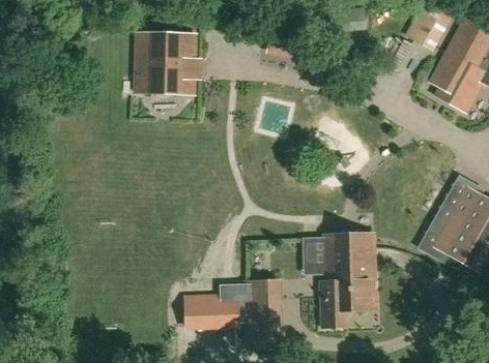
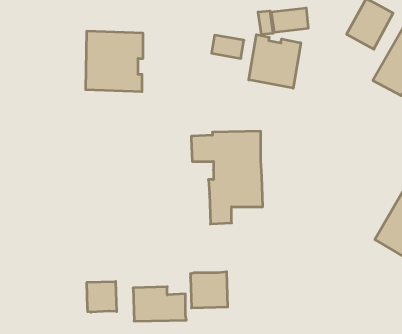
building: none -> [249,35,301,88]
building: [301,234,375,329] -> [191,131,263,224]
building: none -> [87,281,117,312]

